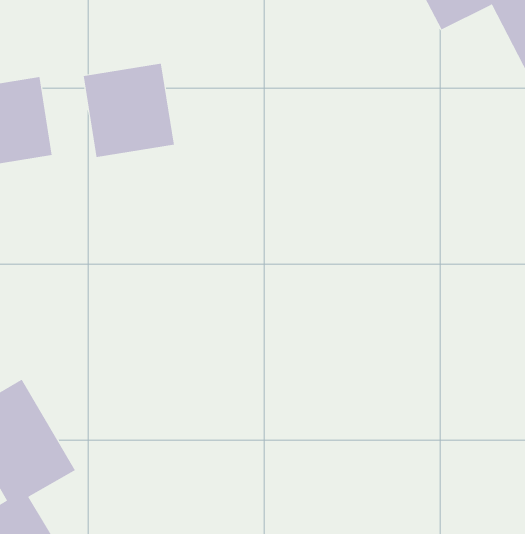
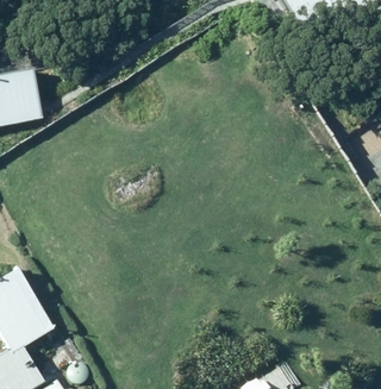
building: [83,63,175,158] -> none

